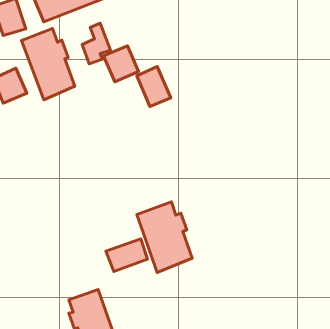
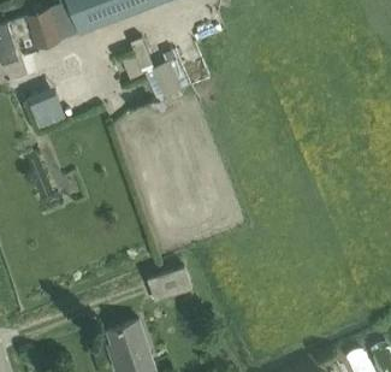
building: [21,29,75,100] -> none
building: [137,66,171,106] -> none
building: [137,202,192,273] -> none

